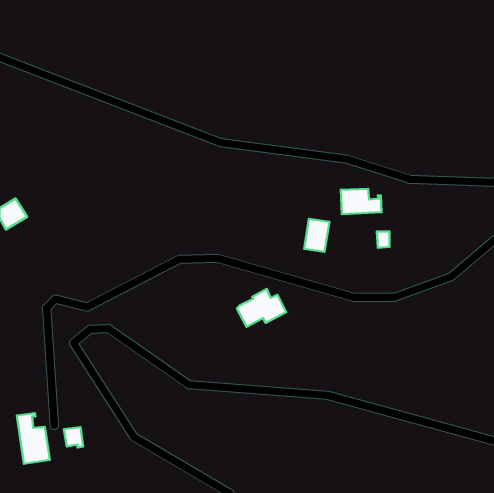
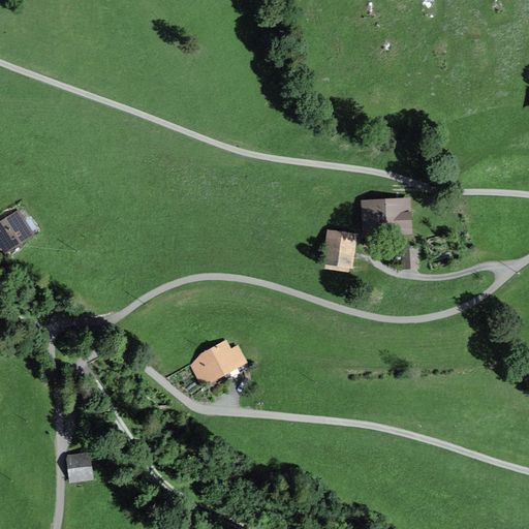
building: [237,289,286,327] -> [193,339,246,379]
building: [17,413,50,464] -> none

